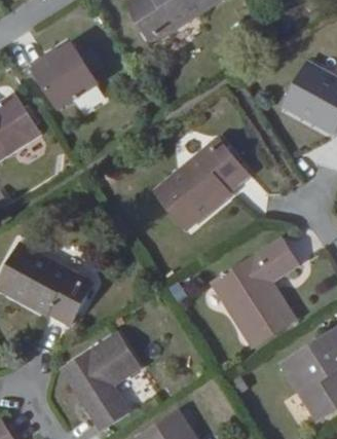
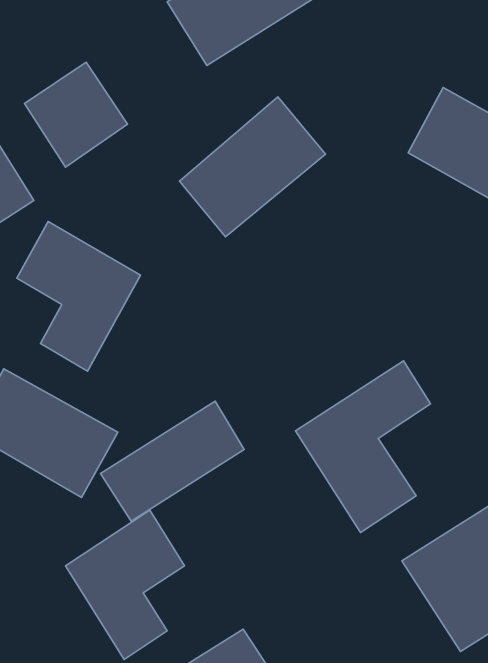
building: [154,137,249,227] -> [179,97,325,237]
building: none -> [17,221,140,371]
building: none -> [101,401,244,521]

